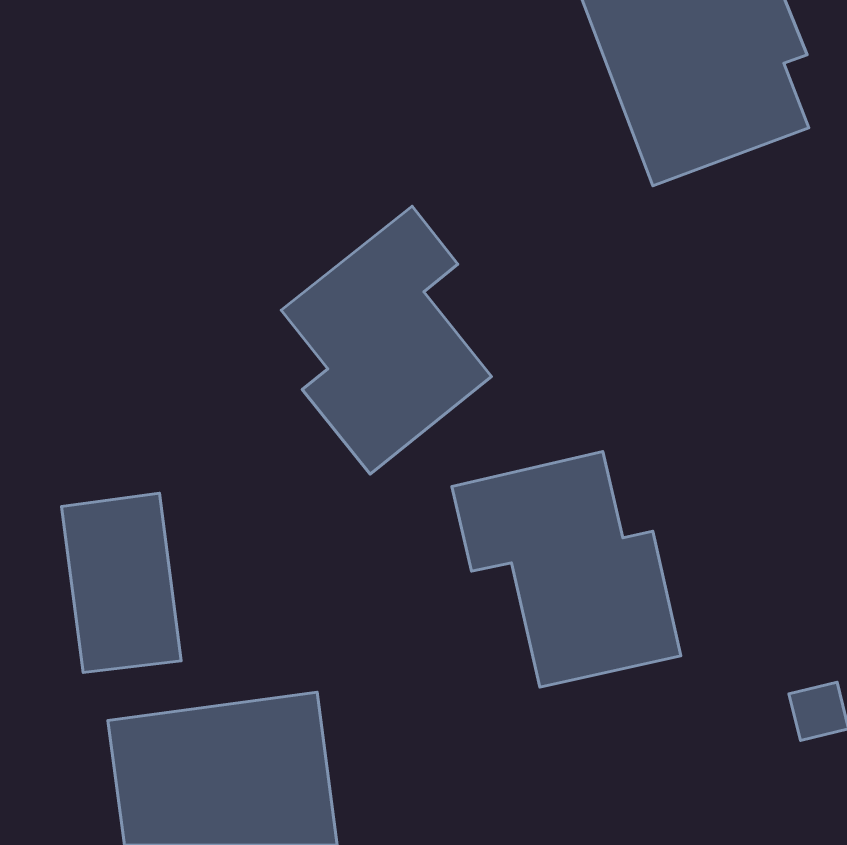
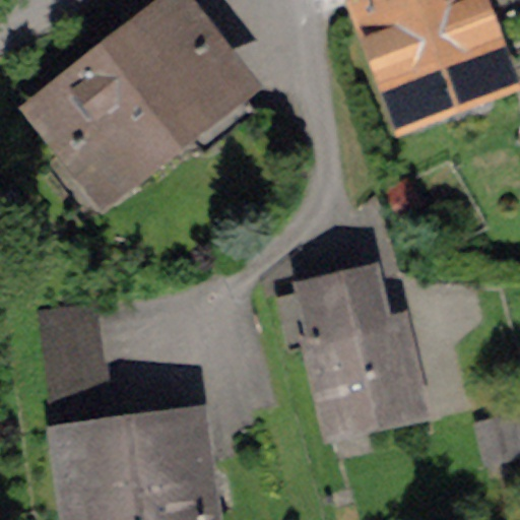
building: none -> [48,10,233,186]
building: [281,206,492,474] -> none

